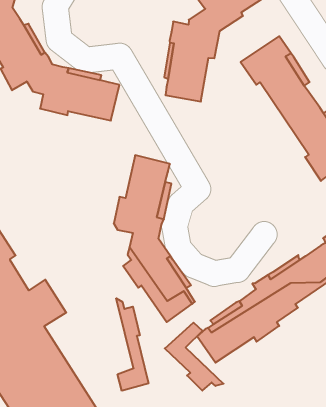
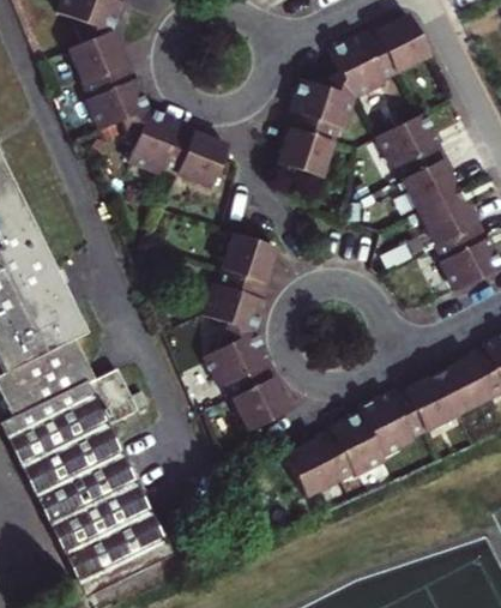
building: [116,298,148,391] -> none
building: [165,323,224,391] -> none

